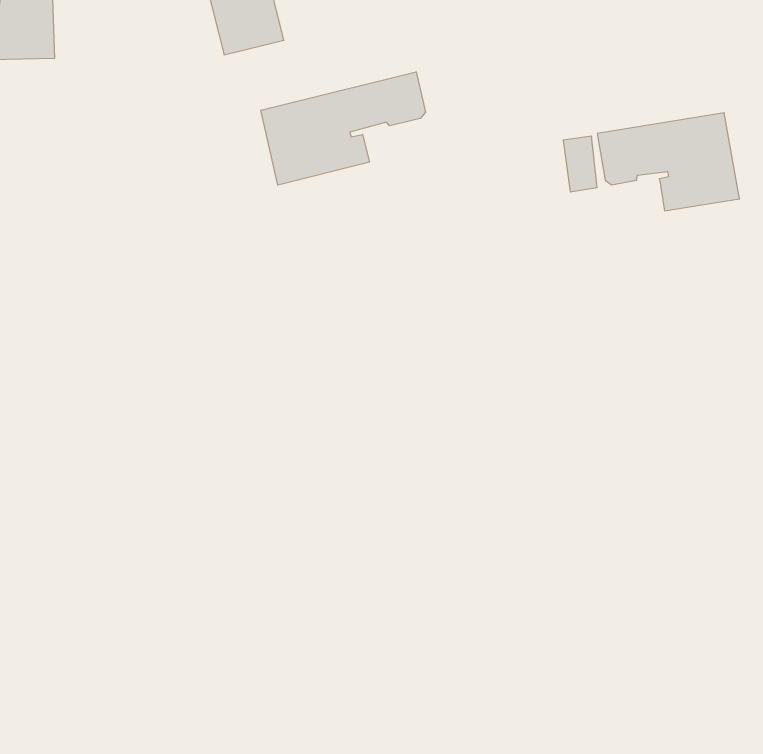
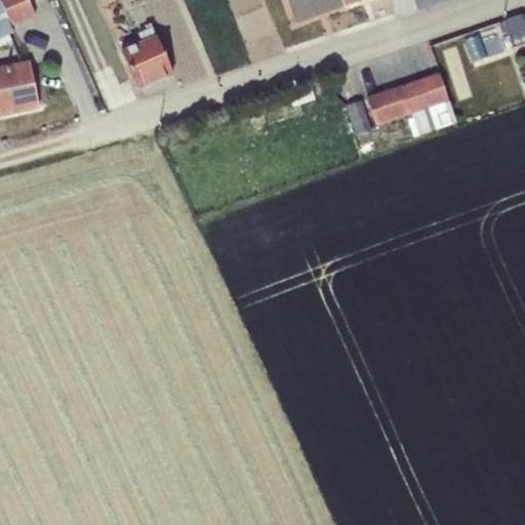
building: [261,72,426,185] -> none

